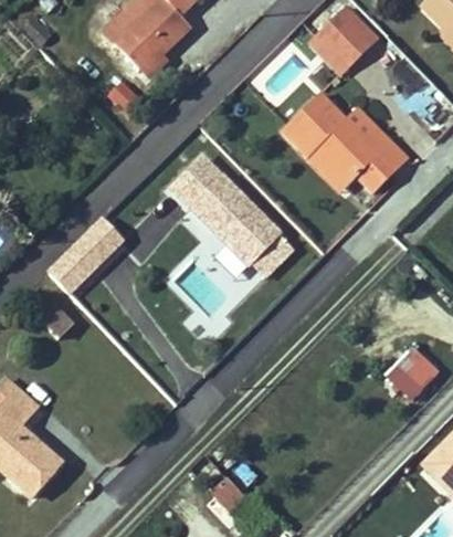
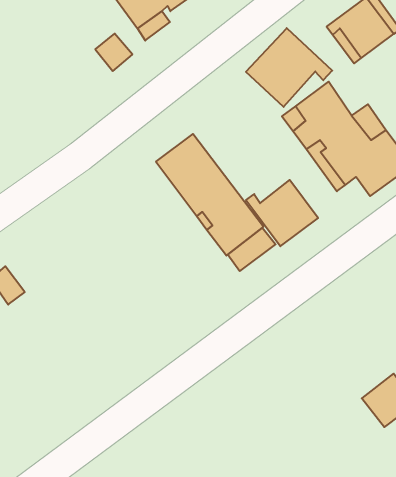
building: none -> [246,28,332,107]
building: none -> [246,180,318,246]
building: [49,219,123,292] -> none

